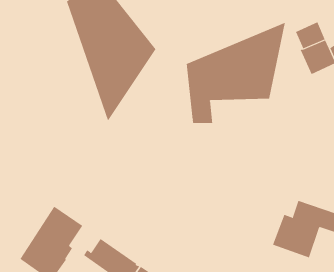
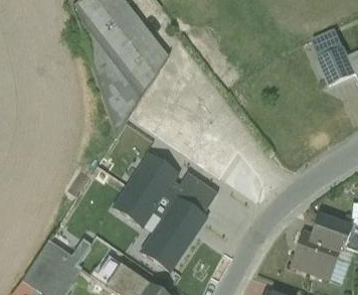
building: [186,22,286,124] -> none
building: none -> [114,152,217,268]

